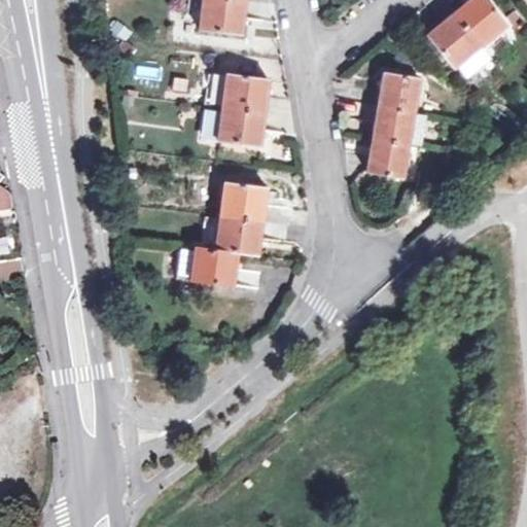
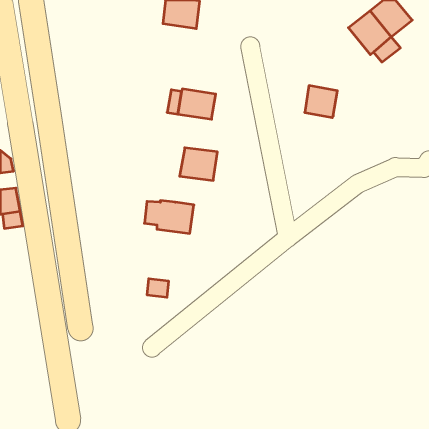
building: [379,71,419,111] -> none
building: [223,73,270,115] -> none
building: [368,138,408,178] -> none
building: [215,216,261,253] -> none

